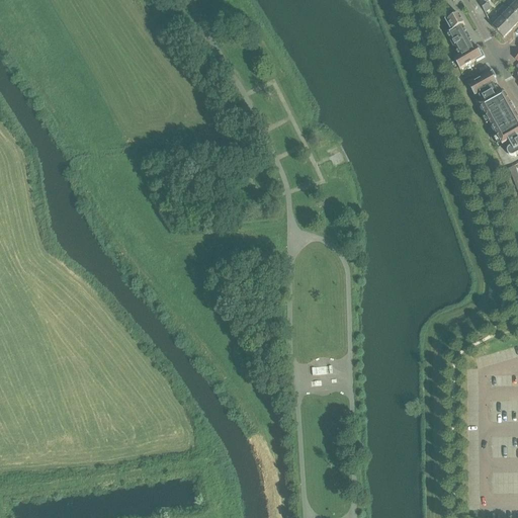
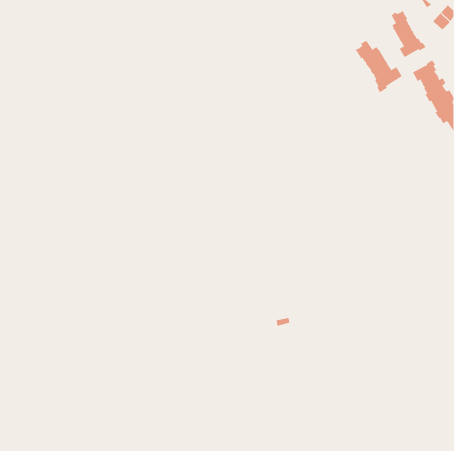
building: none -> [355,40,402,93]

